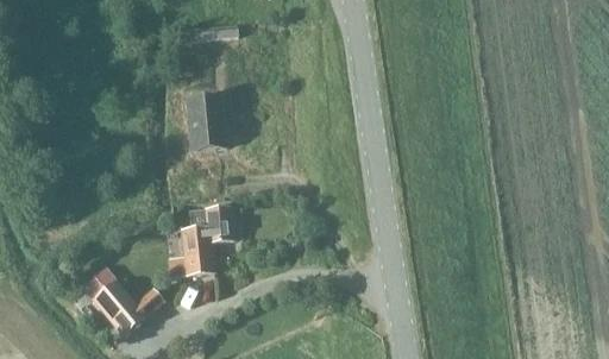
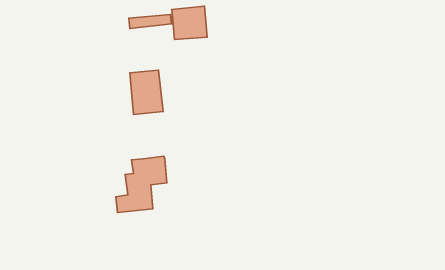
building: none -> [172,6,207,40]
building: [89,275,164,335] -> none

